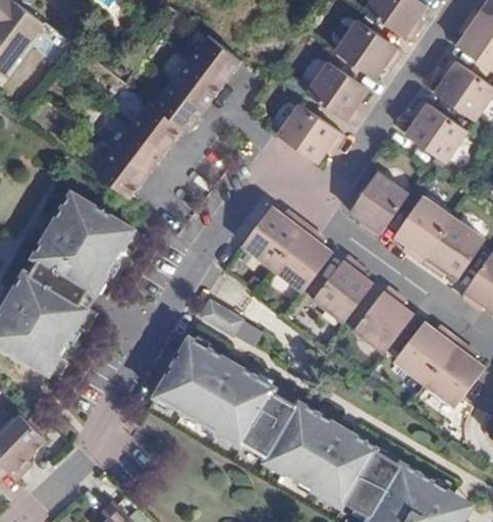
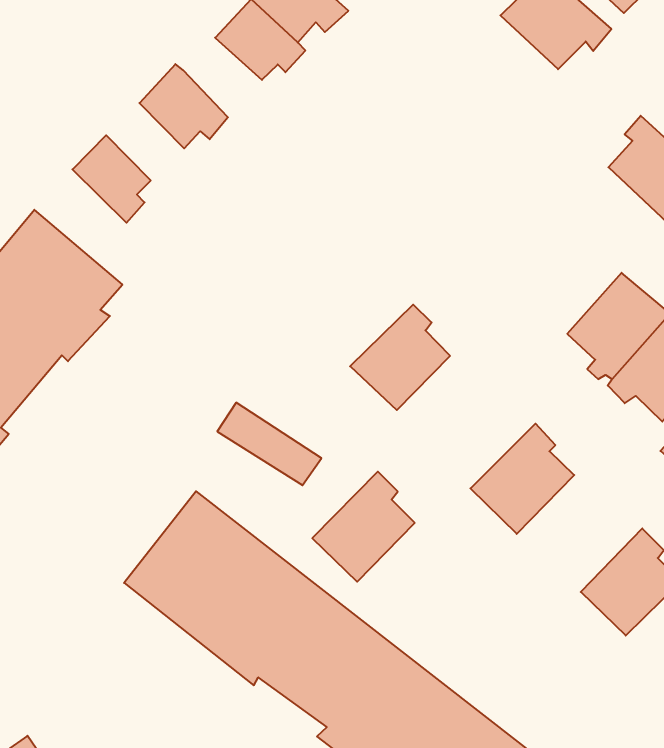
building: [306,59,368,123] -> none
building: [153,83,200,132] -> none
building: [275,104,341,162] -> none
building: [112,126,159,175] -> none
building: [353,170,410,234] -> none
building: [243,208,305,266] -> none
building: [312,256,371,322] -> [312,472,415,582]
building: [396,325,455,382] -> none

